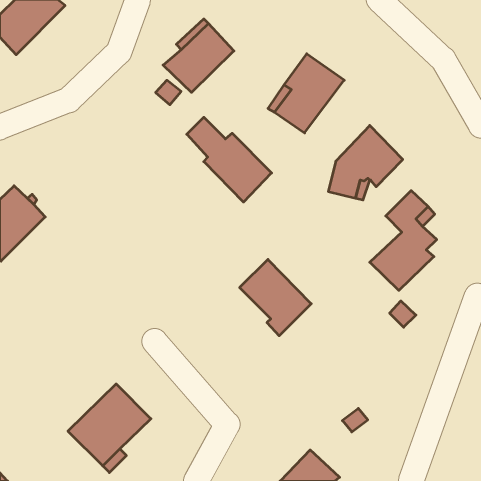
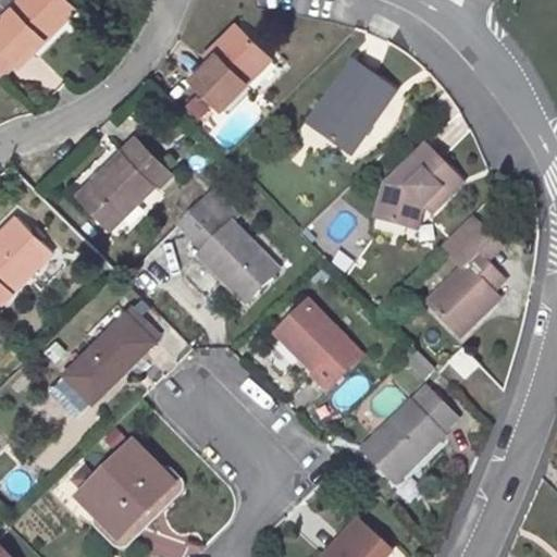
building: [187,117,272,202] -> [180,203,277,301]
building: none -> [79,137,171,225]
building: none -> [63,309,154,403]
building: none -> [363,388,454,482]

